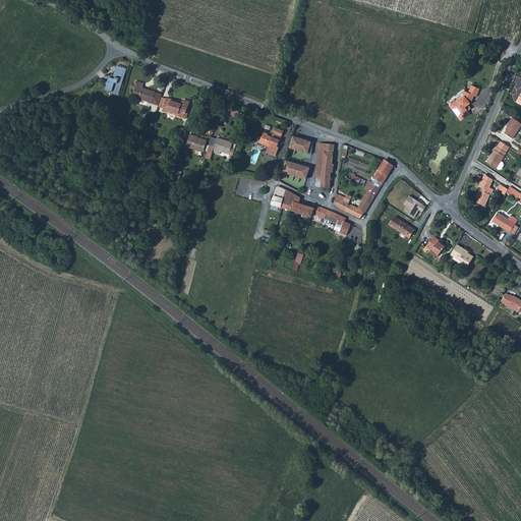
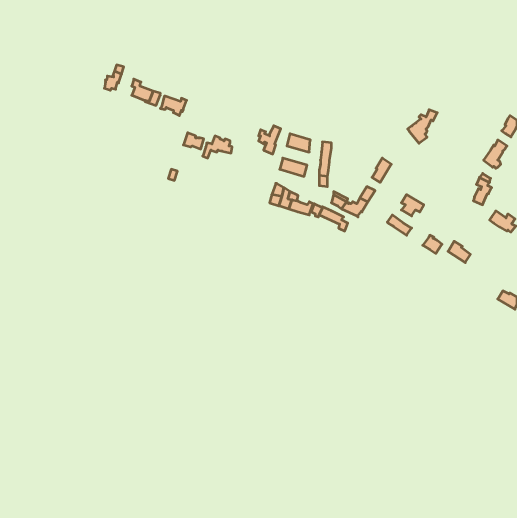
building: [448,84,477,118] -> [408,110,437,143]

